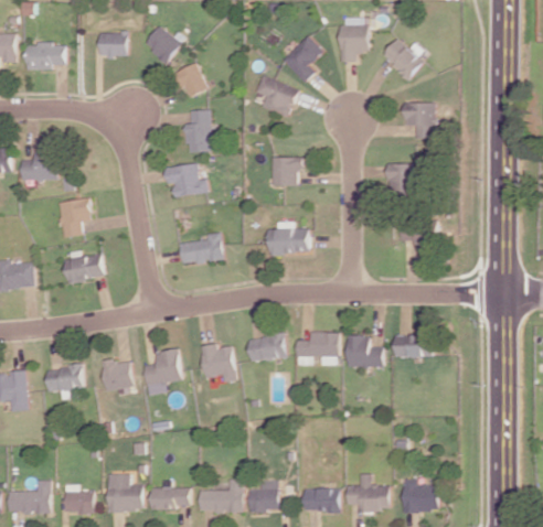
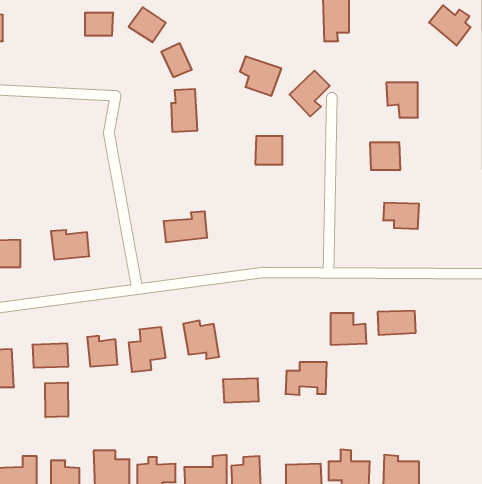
building: [281,35,322,82] -> [289,71,330,116]
building: [381,39,423,79] -> [429,5,471,46]
building: [26,43,65,68] -> none
building: [21,148,57,180] -> none
building: [164,163,207,196] -> none
building: [57,197,92,237] -> none
building: [267,222,308,254] -> none
building: [295,332,337,365] -> [285,362,327,395]
building: [247,335,284,359] -> [223,378,259,402]
building: none -> [45,382,68,417]

